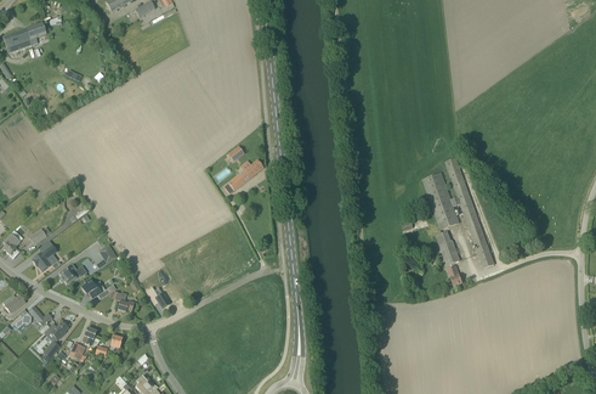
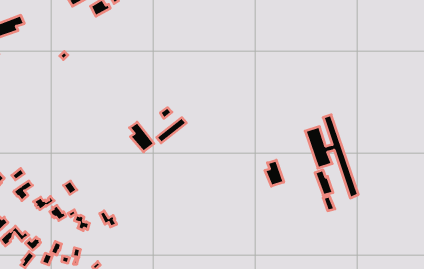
building: none -> [129,122,154,152]
building: none -> [265,160,284,186]

